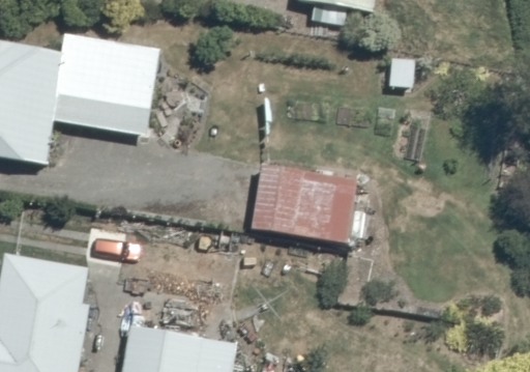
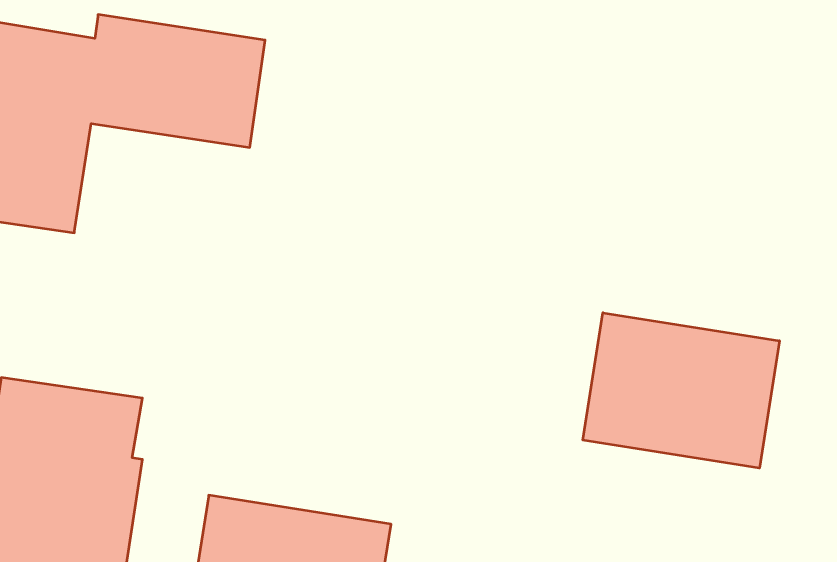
building: [243,162,354,242] -> none
building: none -> [583,313,779,468]

